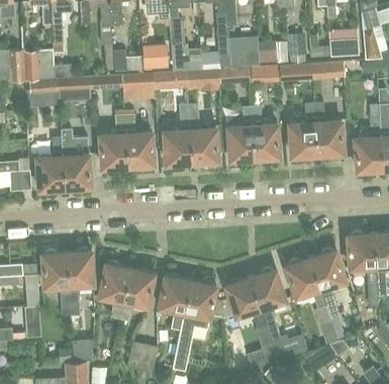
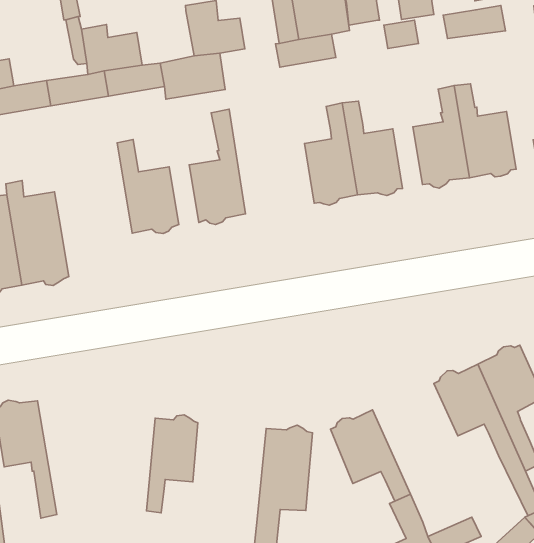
building: [142,46,173,74] -> none
building: [187,70,220,92] -> none
building: [189,103,218,164] -> none
building: [100,115,128,170] -> none
building: [67,249,94,316] -> none
building: [99,263,130,319] -> none
building: [251,269,286,342] -> none
building: [159,275,191,330] -> none

